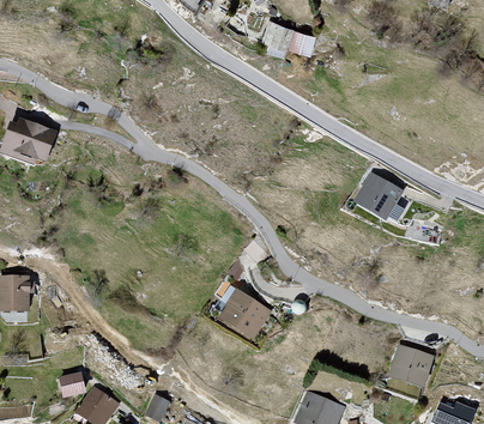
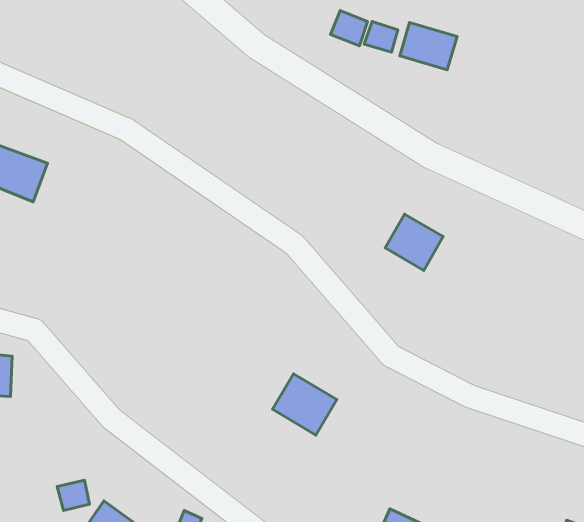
building: none -> [400,22,457,70]
building: [357,172,400,214] -> [385,214,443,270]
building: [389,346,431,388] -> none

